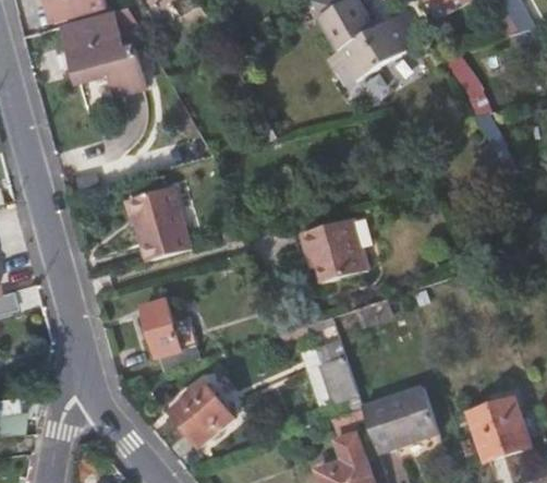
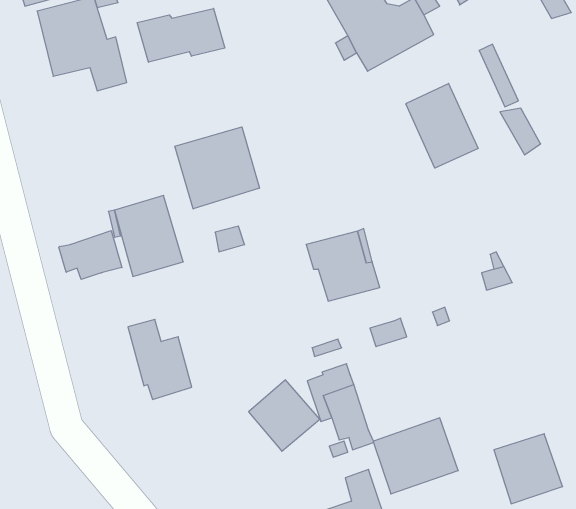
building: none -> [137,8,225,62]
building: none -> [406,83,478,168]
building: none -> [175,127,259,209]
building: none -> [59,231,122,279]
building: [170,383,233,446] -> [249,380,320,451]

